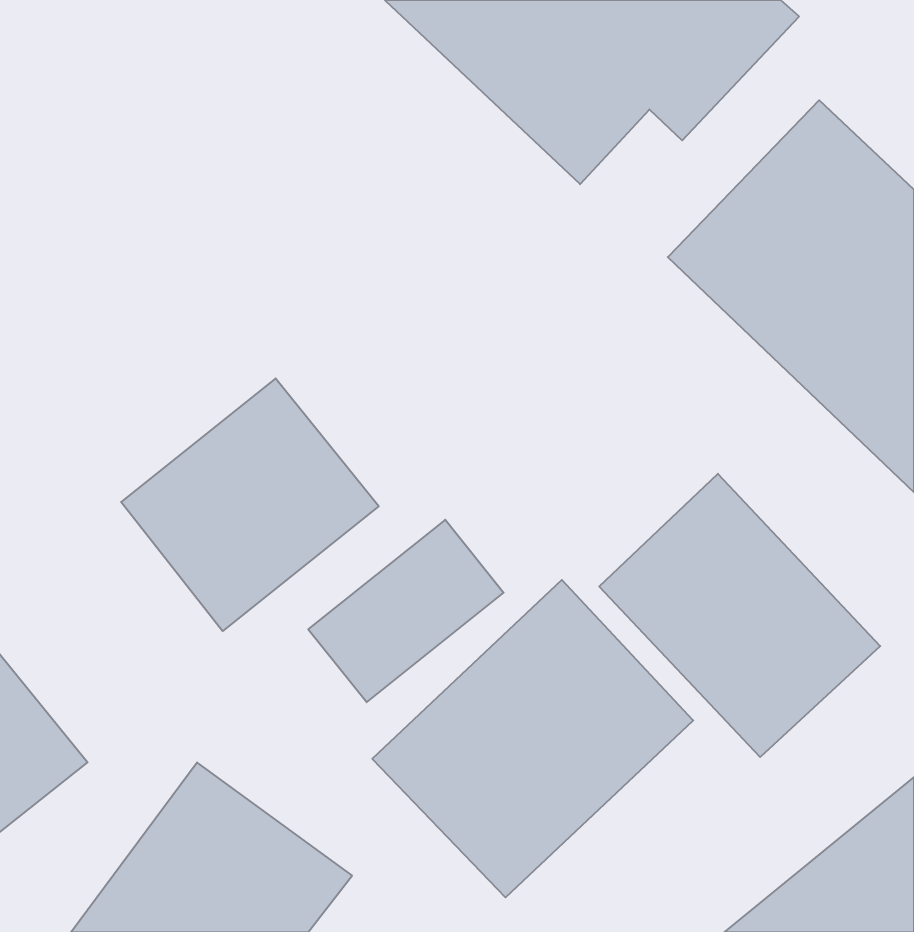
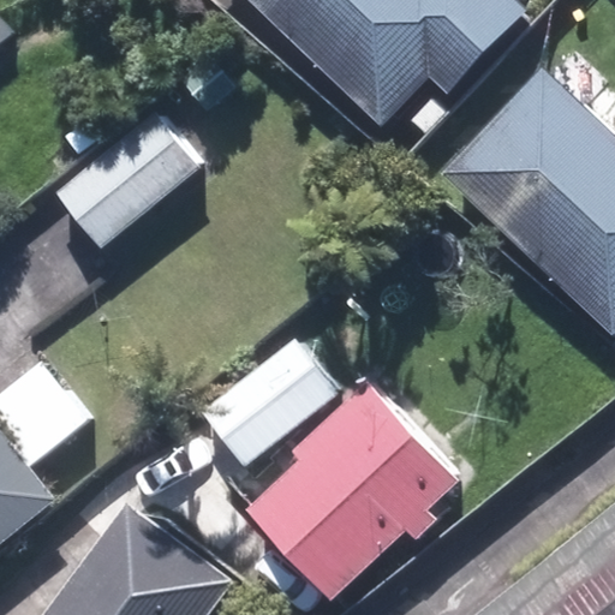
building: none -> [59,111,204,247]
building: [121,378,379,631] -> none
building: [599,474,880,757] -> none

